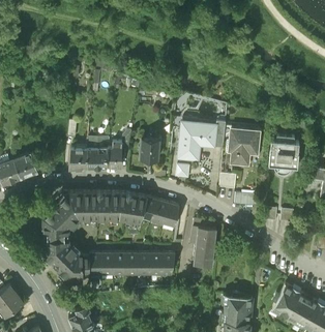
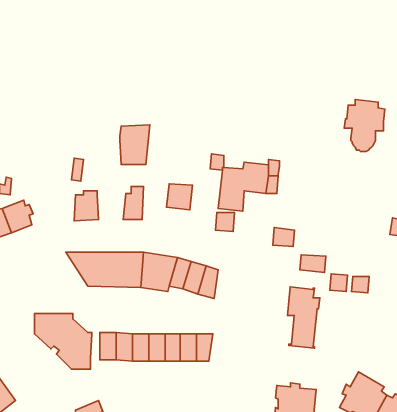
building: [229,130,259,165] -> none
building: [86,138,109,168] -> [120,125,150,164]
building: [268,138,299,177] -> [344,100,385,151]
building: [38,192,79,233] -> none
building: [190,220,215,267] -> [287,287,320,348]

